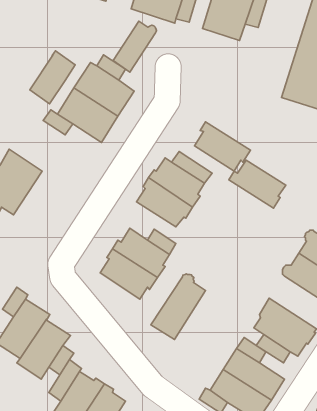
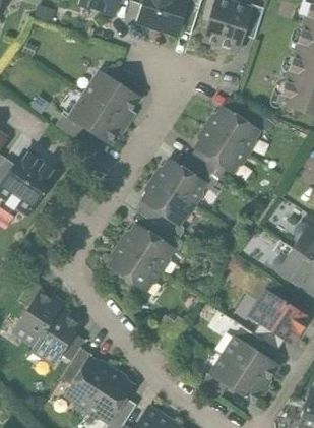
building: [113,21,157,72] -> none
building: [30,51,75,104] -> none
building: [229,160,286,208] -> [206,108,259,152]
building: [151,274,206,339] -> none

